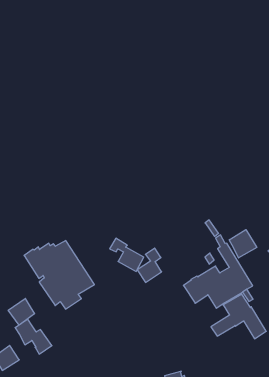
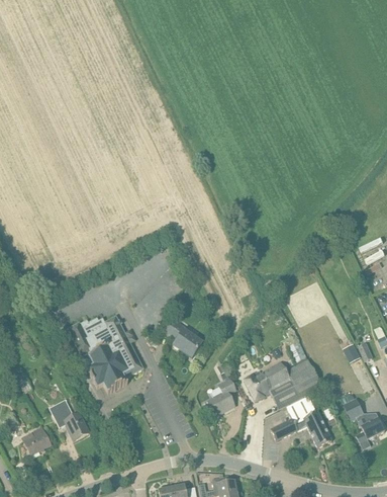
building: [229,230,257,258] -> none
building: [137,248,162,282] -> [207,378,235,415]
building: [8,298,35,325] -> none

